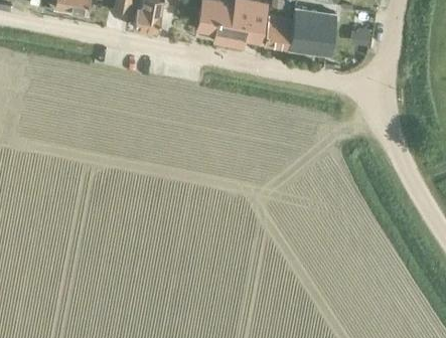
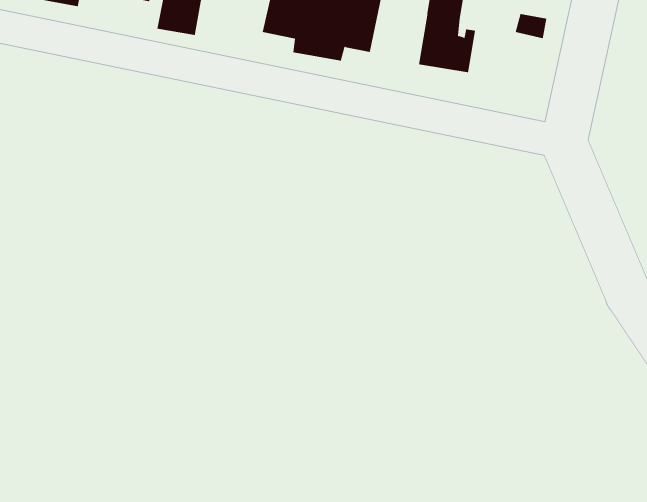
building: [266,17,295,50] -> none

